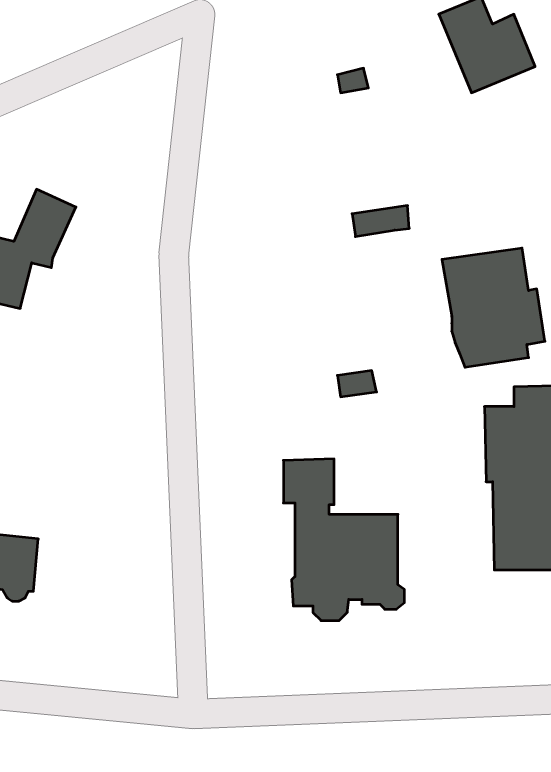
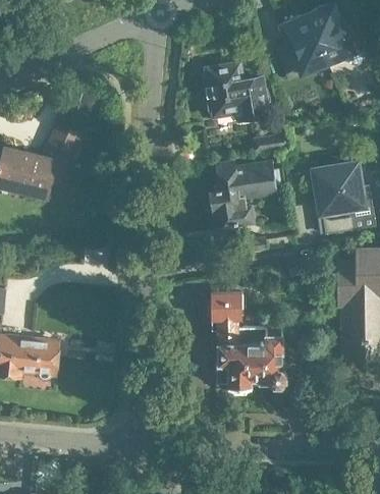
building: none -> [275,14,328,79]
building: none -> [204,63,270,120]
building: none -> [209,161,281,227]

